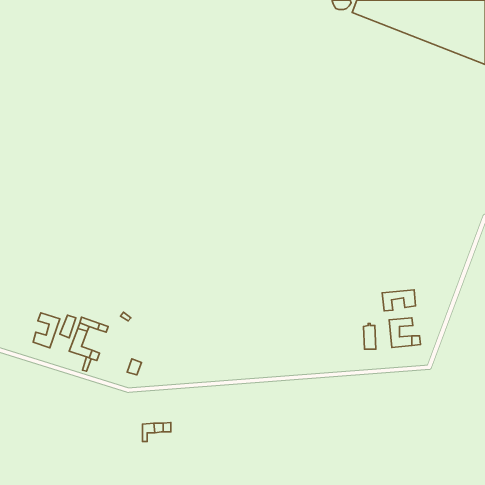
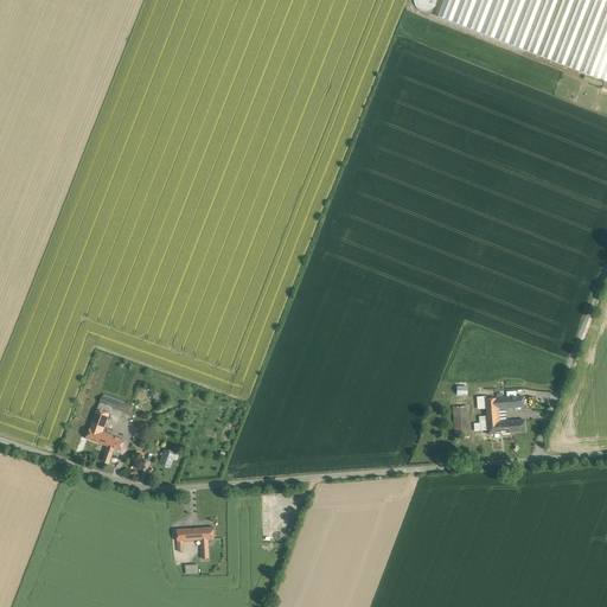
building: [382,290,416,311] -> none
building: [33,313,60,348] -> none

